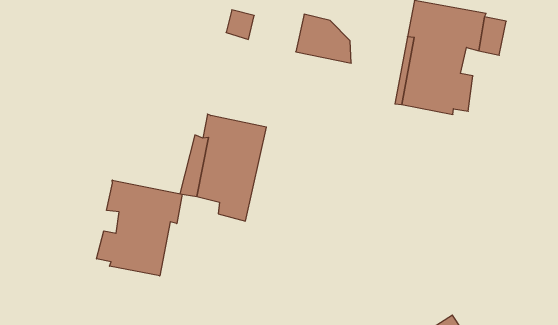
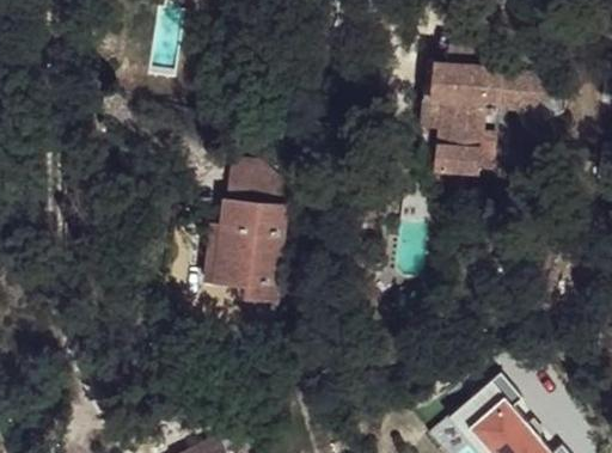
building: [296,14,351,63] -> [231,161,289,207]
building: [97,180,182,276] -> none

